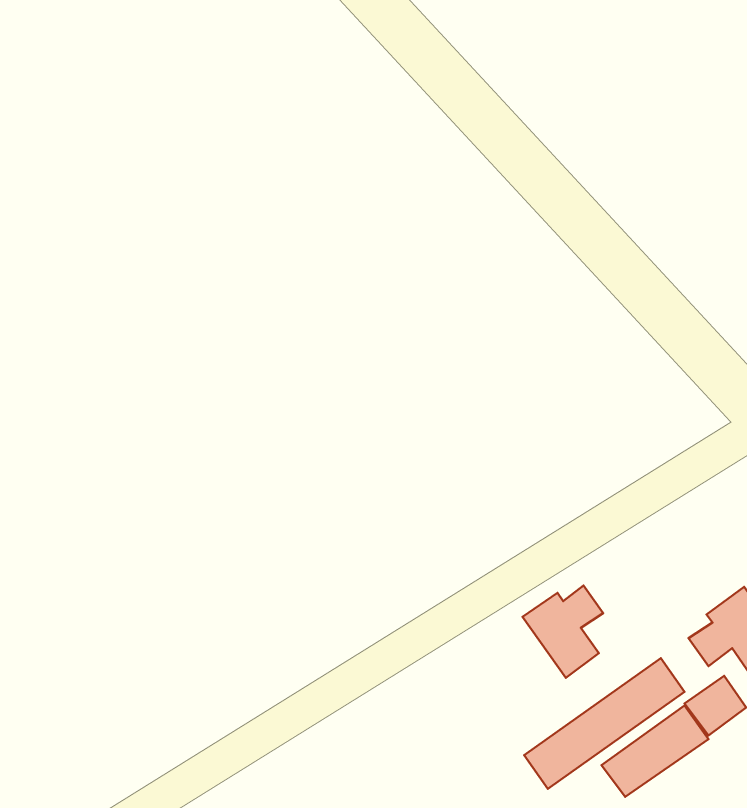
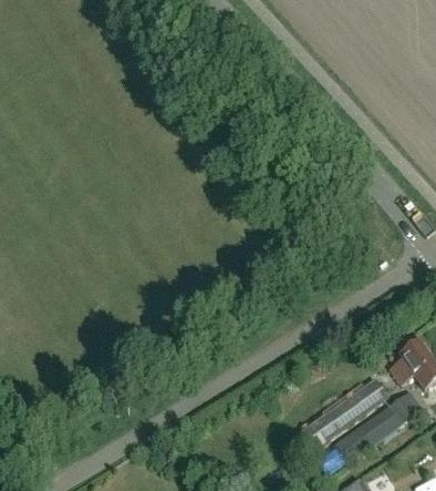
building: [522,585,603,678] -> none

